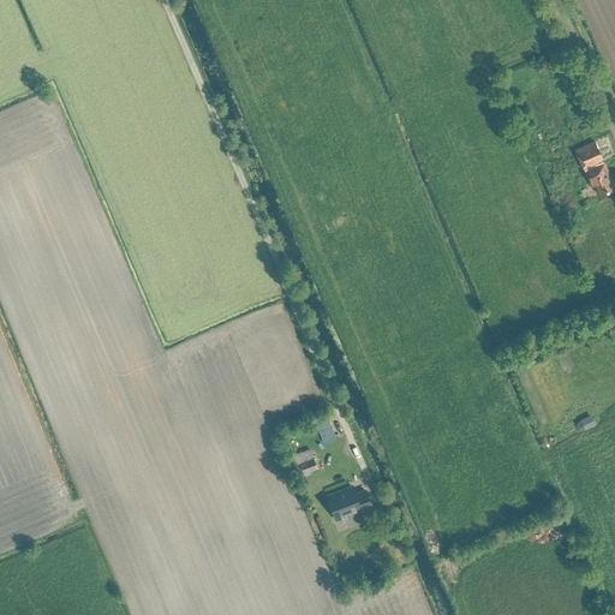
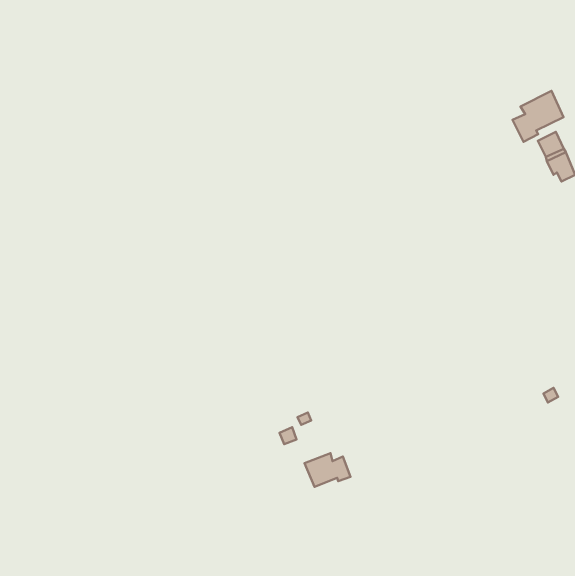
building: none -> [513,91,564,142]

